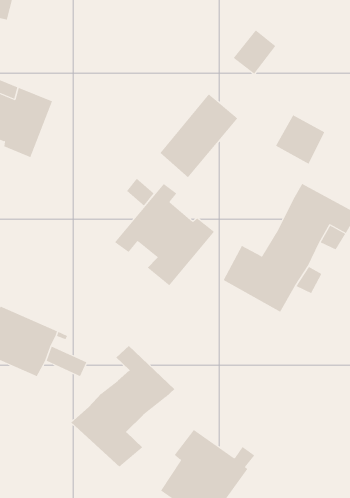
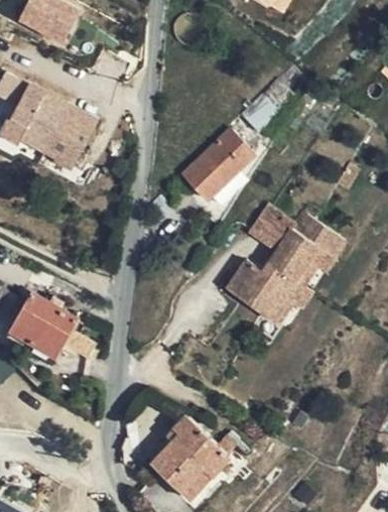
building: [275,115,325,165] -> [249,207,293,251]
building: [114,183,215,286] -> none
building: [71,345,175,467] -> none

